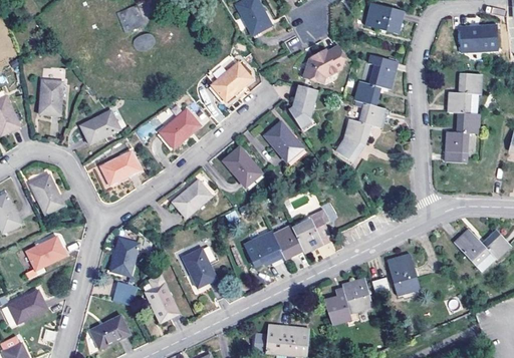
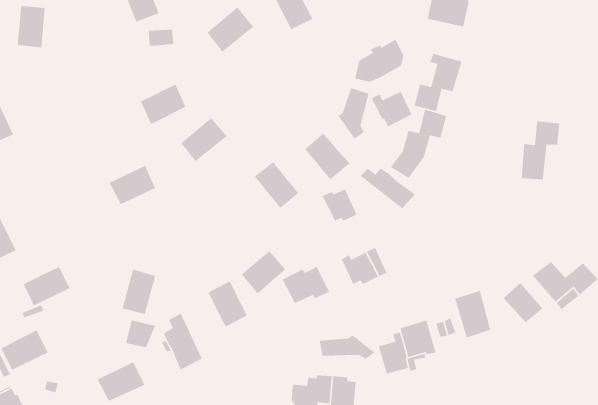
building: [460,21,499,51] -> none
building: [211,62,251,101] -> [207,6,254,53]
building: [450,73,481,114] -> none
building: [38,75,62,111] -> [17,5,46,48]
building: none -> [371,91,413,127]
building: [79,108,118,143] -> [140,83,186,125]
building: none -> [360,168,416,209]
building: [29,171,64,212] -> none
building: [173,180,211,217] -> [241,250,286,294]
building: [274,229,304,257] -> [322,189,357,222]
building: none -> [503,282,543,323]
building: none -> [319,335,375,360]

